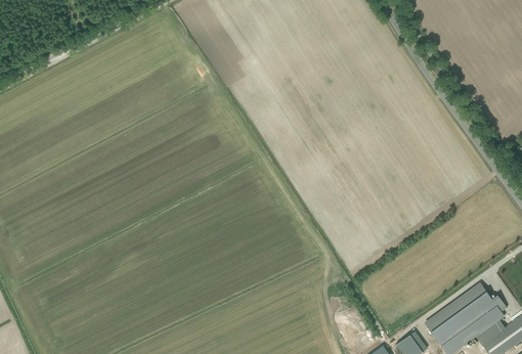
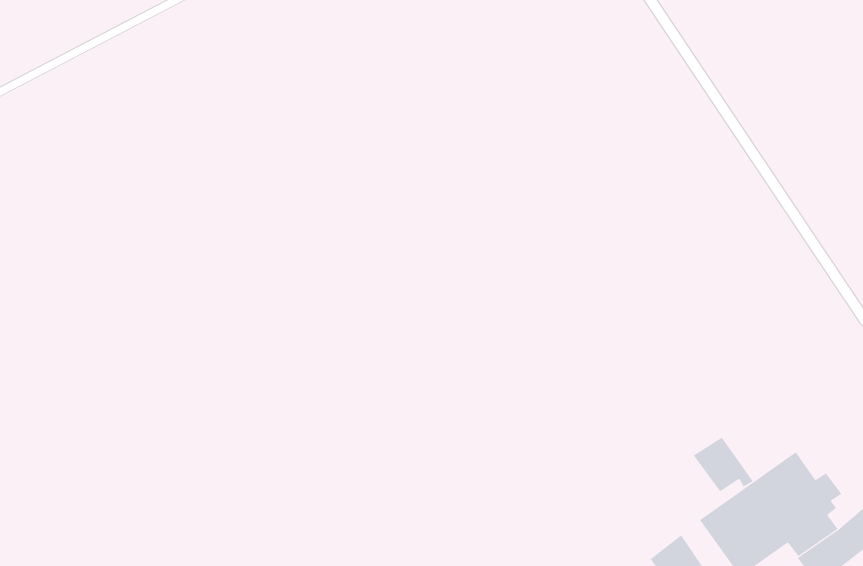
building: none -> [693,437,754,492]

